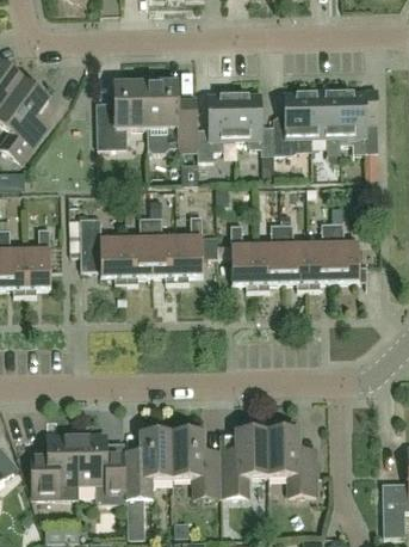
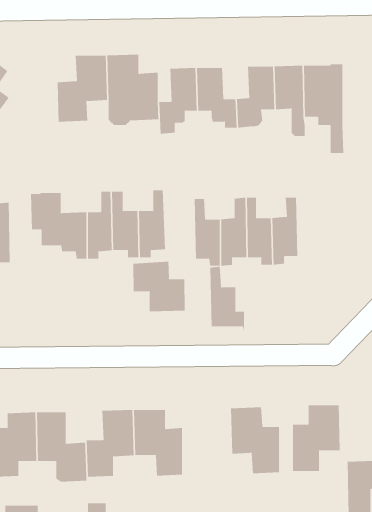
building: [333,221,367,288] -> [210,266,245,334]
building: none -> [133,261,185,312]
building: [221,430,268,496] -> [292,405,341,471]

